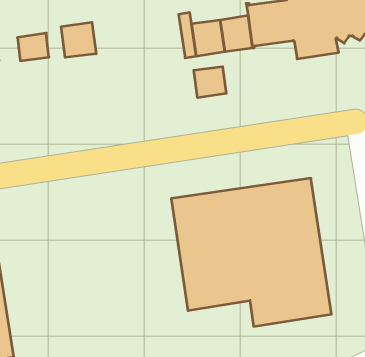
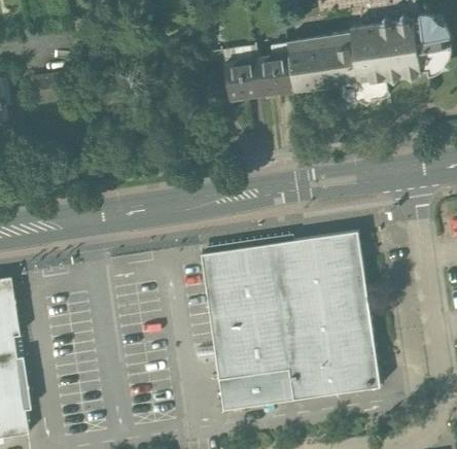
building: [61,22,96,57] -> none
building: [194,67,226,98] -> none
building: none -> [221,370,294,408]

